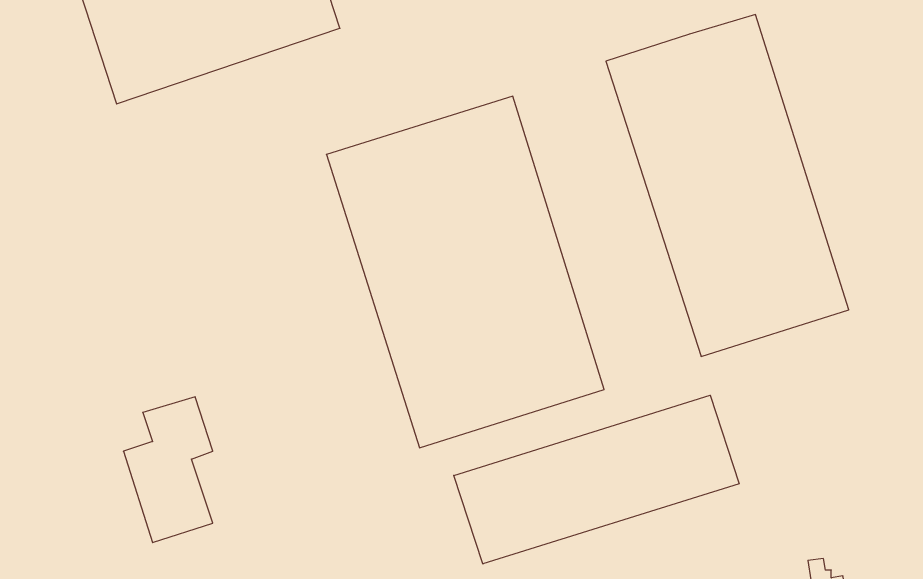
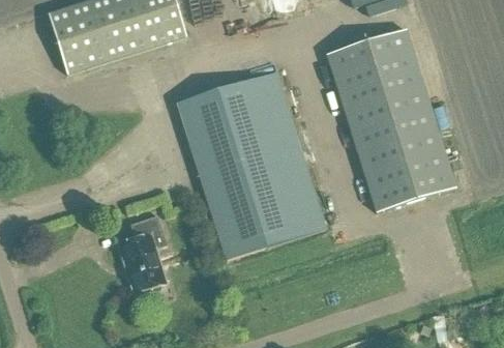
building: [454,395,739,564] -> none
building: [123,397,213,543] -> [121,215,169,293]

